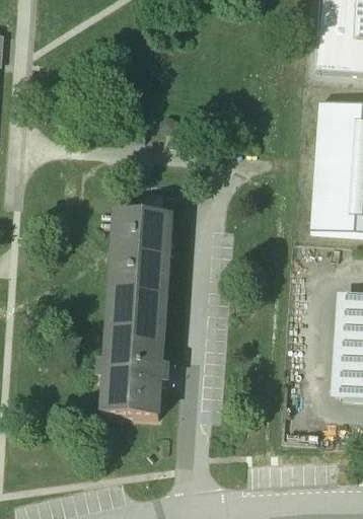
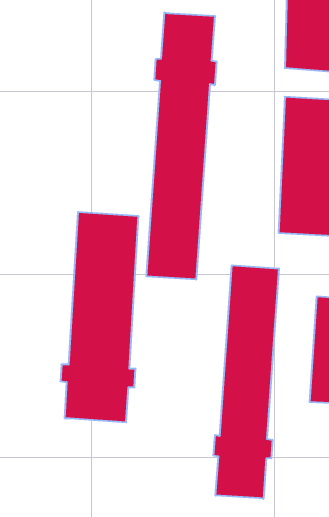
building: none -> [147,12,216,280]
building: none -> [214,265,279,499]

